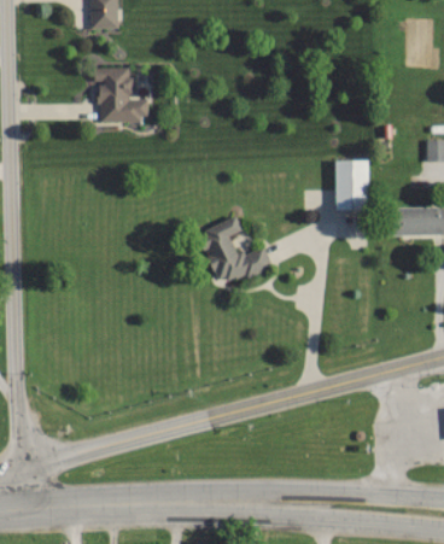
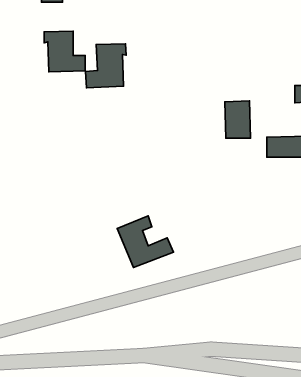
building: none -> [86,44,126,88]
building: [197,217,271,286] -> [117,216,174,268]

